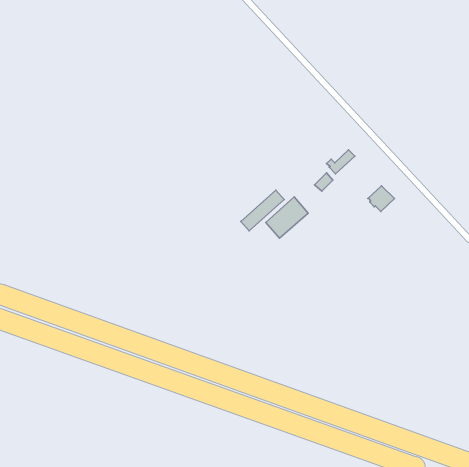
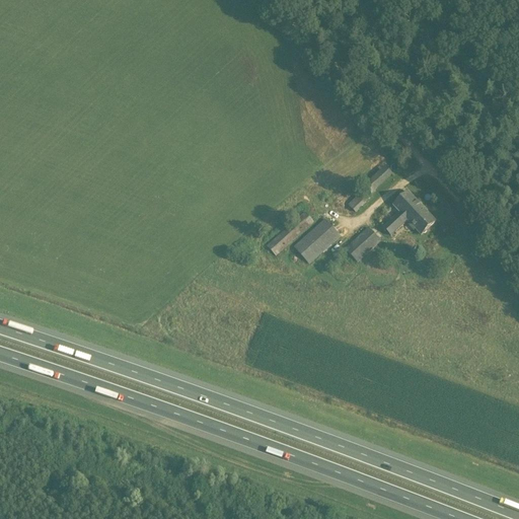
building: none -> [381,190,421,234]
building: none -> [344,225,380,262]

